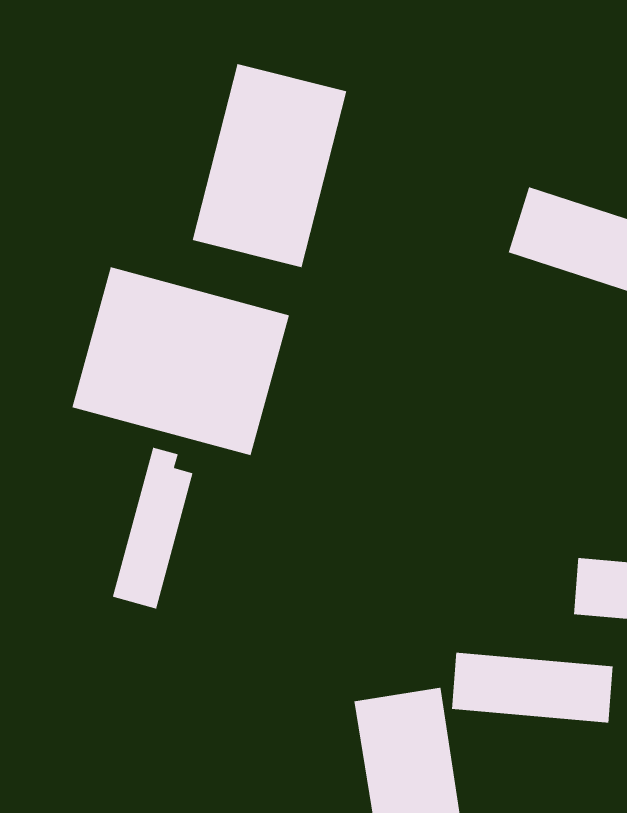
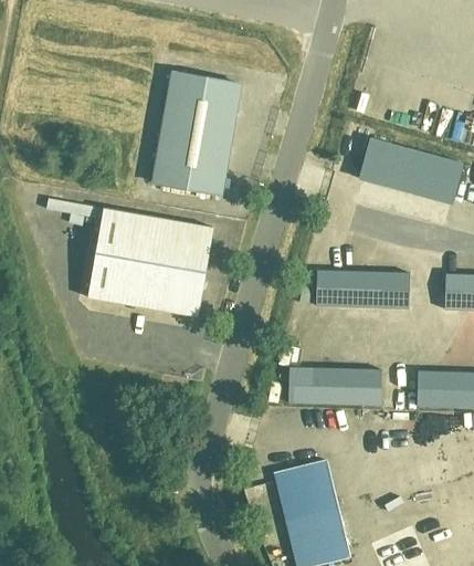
building: none -> [312,270,413,306]
building: [112,447,193,610] -> none
building: [451,652,614,723] -> [284,366,386,403]

